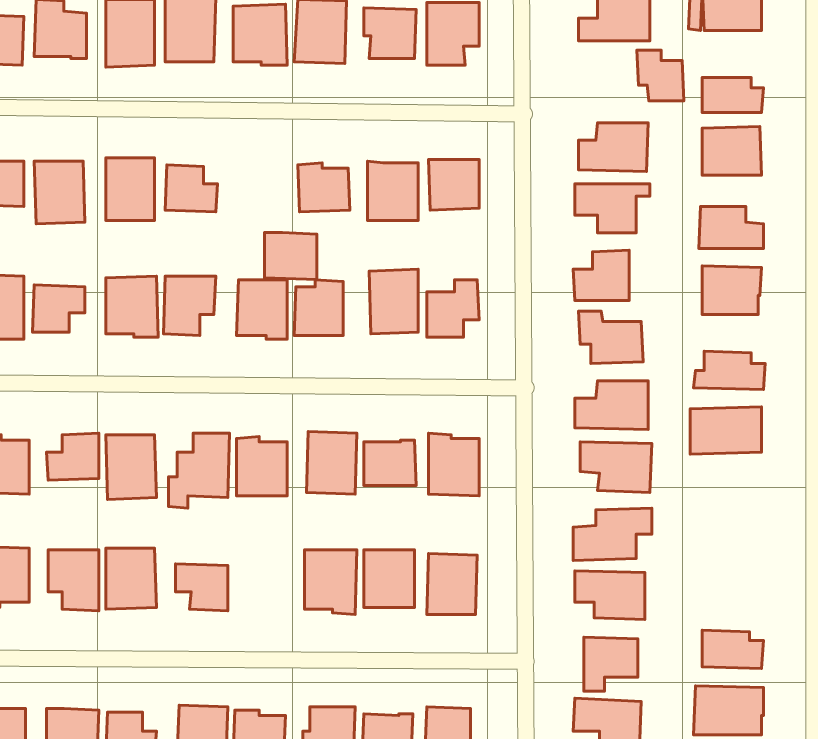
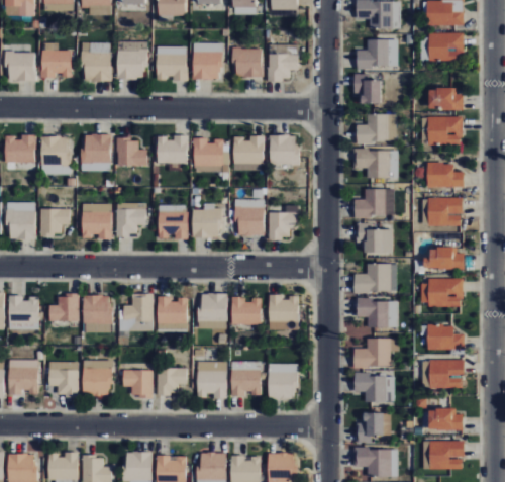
building: [637,50,684,101] -> [354,74,381,103]
building: [265,232,317,280] -> [158,136,188,164]
building: none -> [427,325,464,350]
building: none -> [429,359,464,387]
building: none -> [158,368,188,394]

